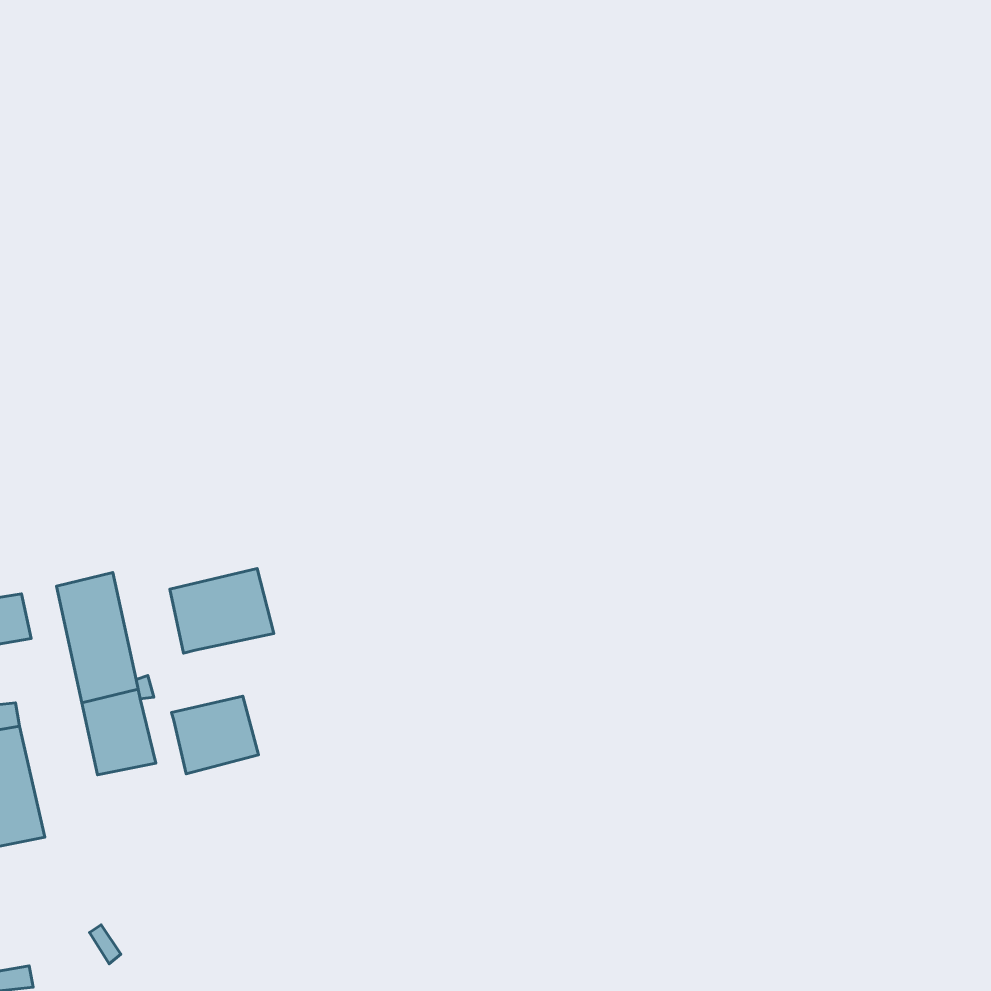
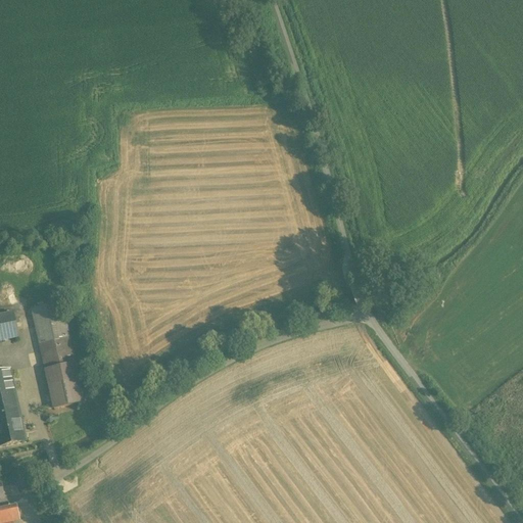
building: [170,568,274,653] -> none
building: [172,696,258,774] -> none

